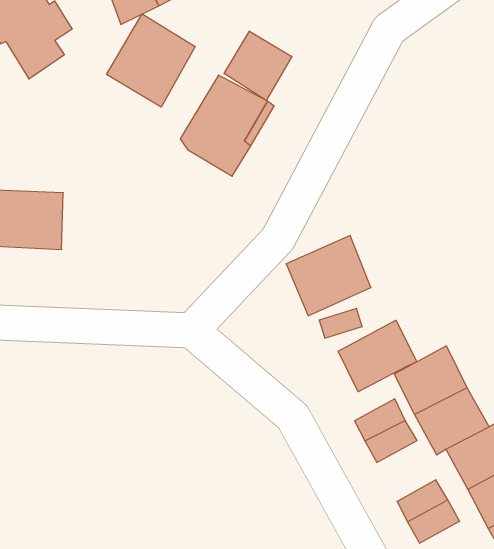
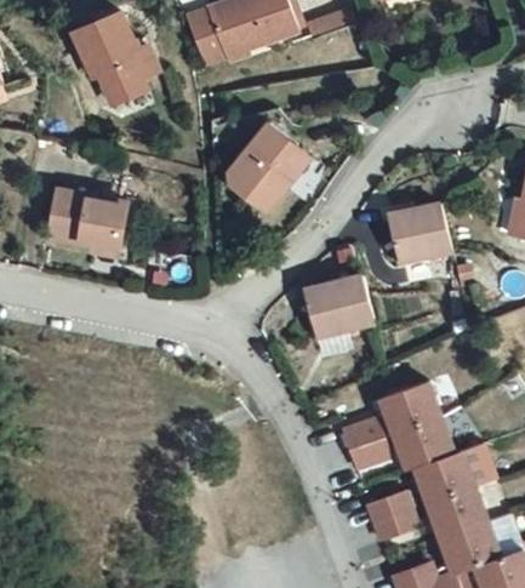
building: [107,14,195,107] -> none
building: [224,31,292,100] -> none
building: none -> [392,206,449,267]
building: [338,320,417,392] -> none

